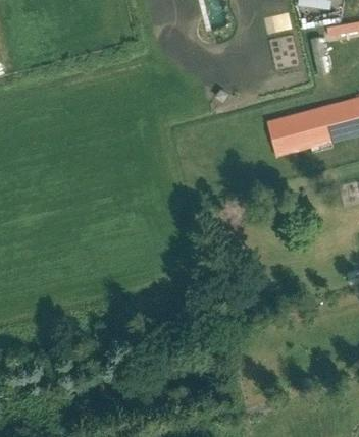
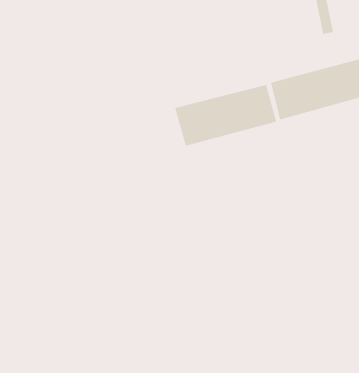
building: none -> [175,84,277,147]

